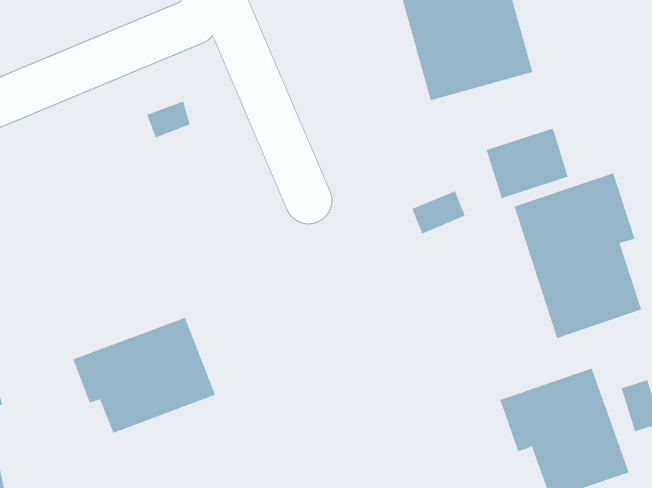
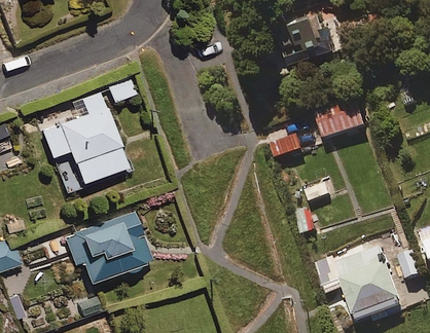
building: none -> [41,94,127,181]
building: [514,173,642,339] -> none

